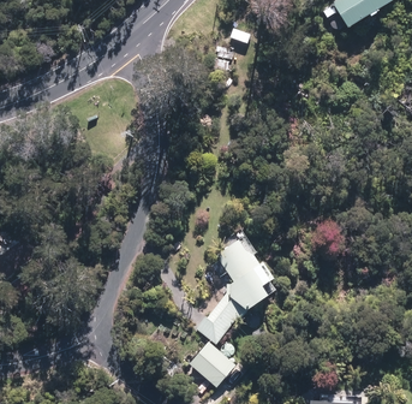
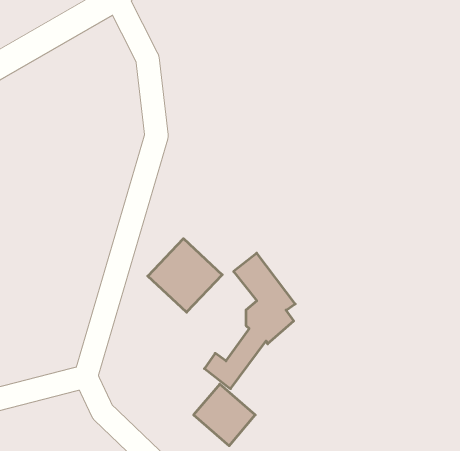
building: none -> [148,239,222,312]

